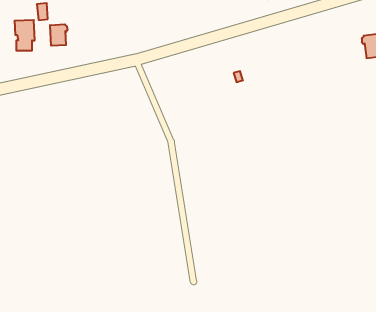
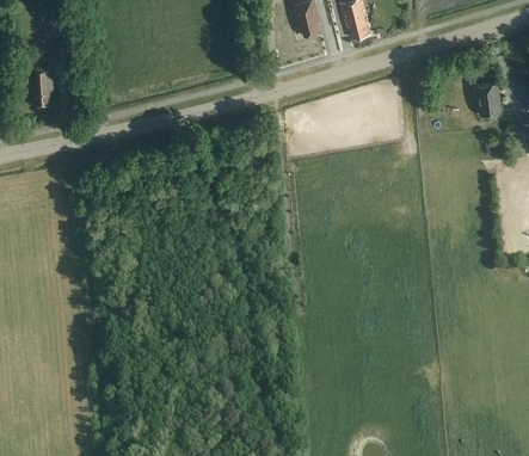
building: [50,24,68,46] -> none

